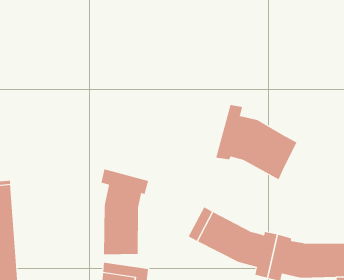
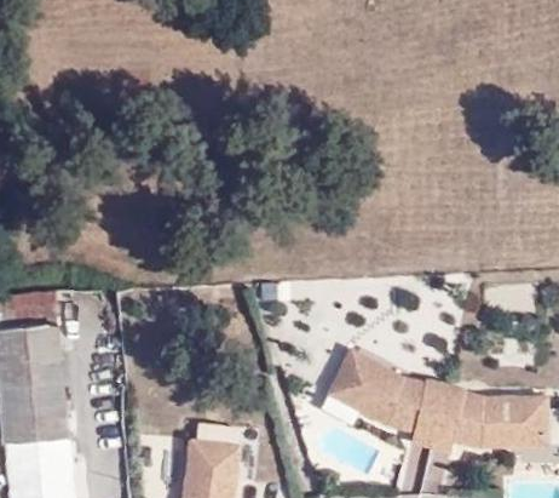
building: [215,104,297,180] -> none
building: [101,169,149,255] -> none

